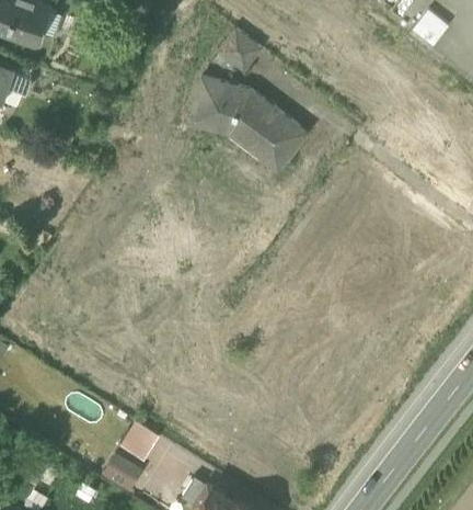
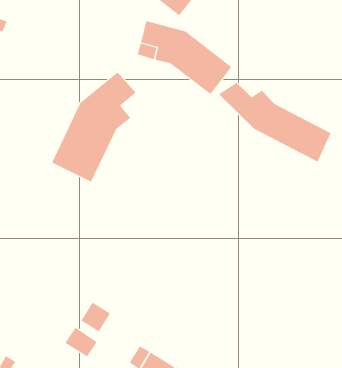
building: none -> [52,71,137,183]
building: none -> [218,82,331,163]

